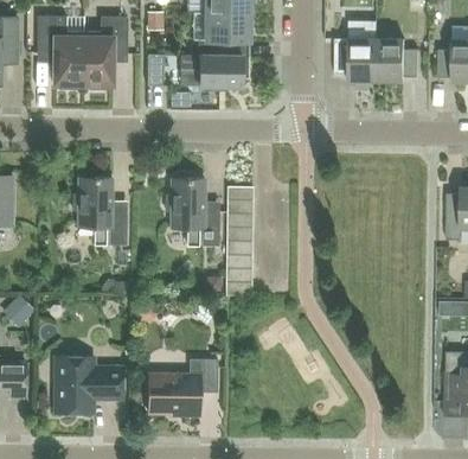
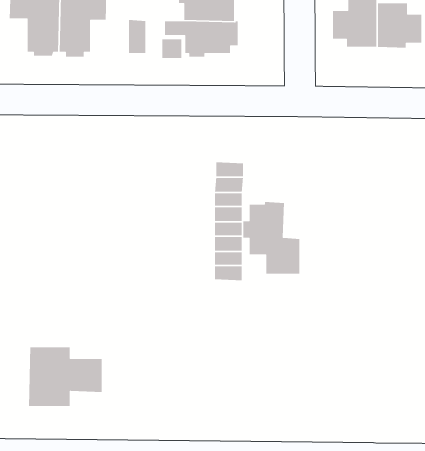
building: [73,178,128,246] -> none
building: [166,178,219,246] -> [242,201,300,274]
building: [148,359,218,416] -> none

